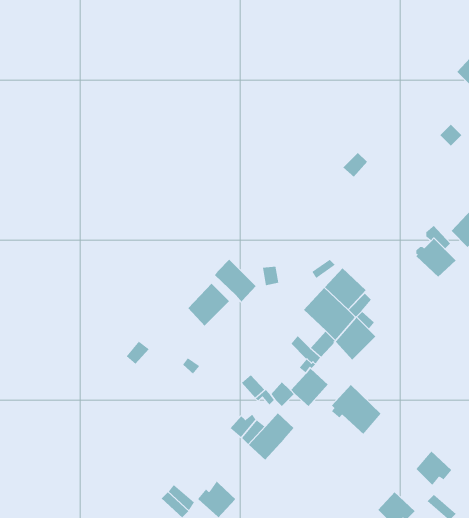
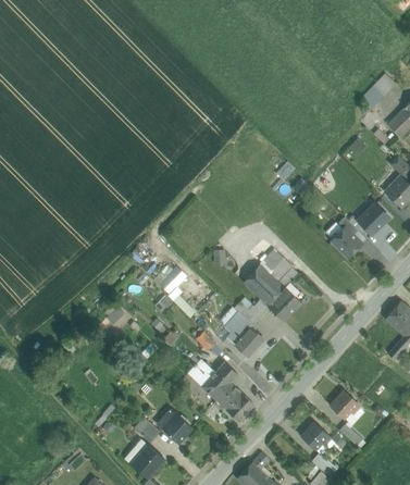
building: [214,259,257,302] -> none
building: [331,384,382,435] -> [214,382,253,421]

